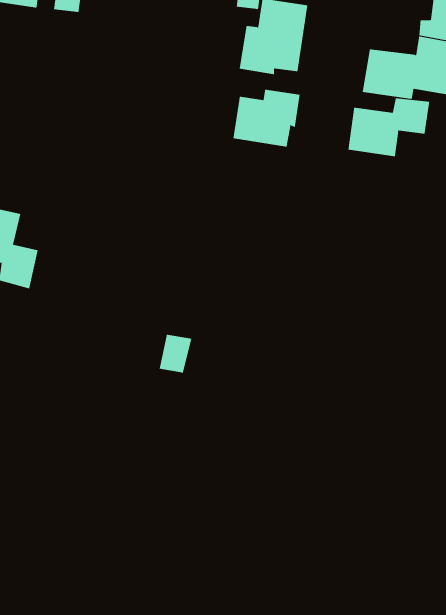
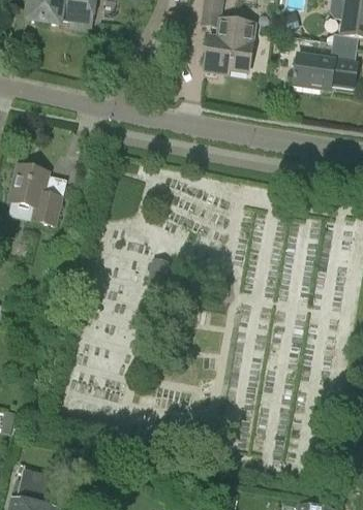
building: [233,89,300,147] -> none
building: [348,98,430,157] -> none

